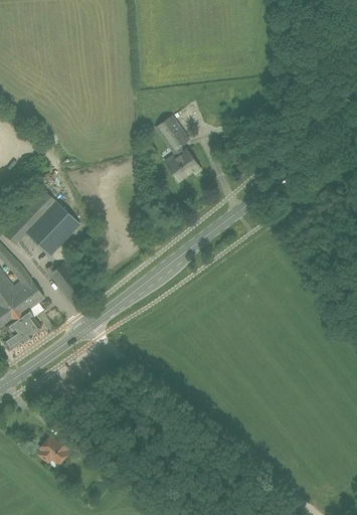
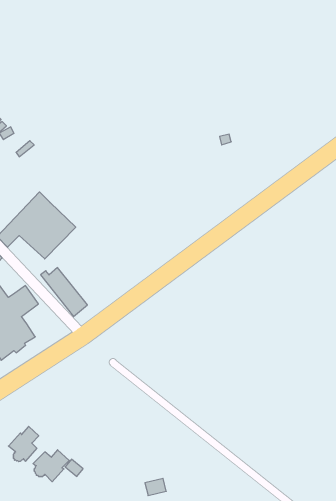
building: [155,117,200,180] -> none
building: none -> [8,426,39,462]

